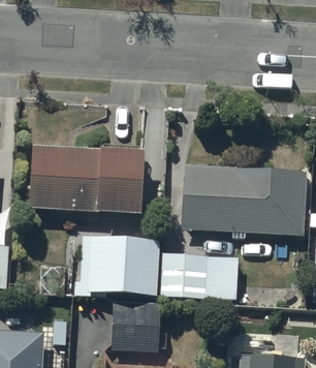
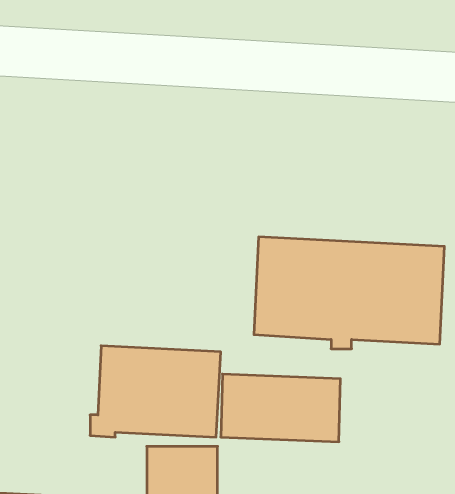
building: [28,139,144,209] -> none

